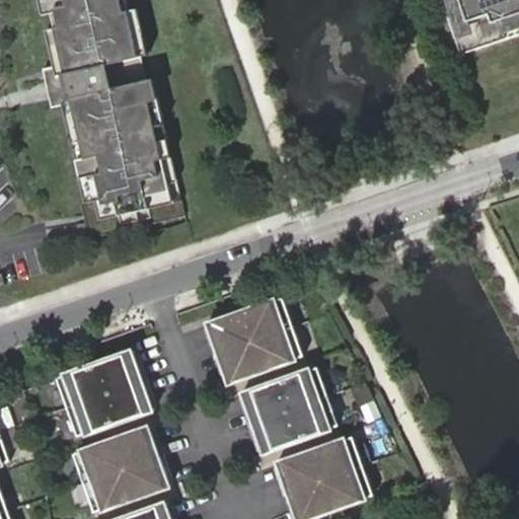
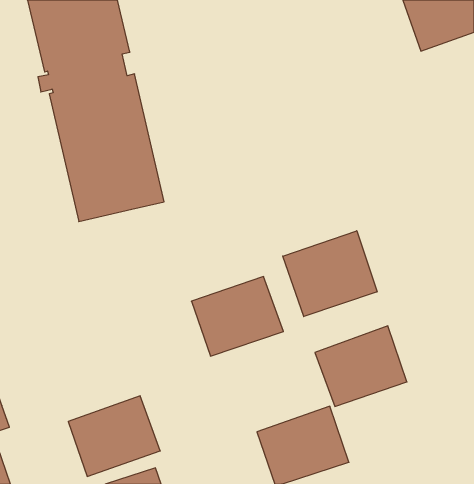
building: none -> [283,231,377,317]
building: [57,348,155,434] -> none
building: [239,365,338,451] -> [315,326,407,406]

